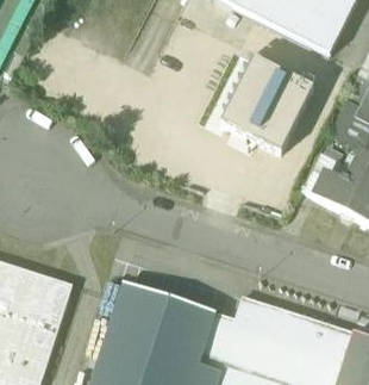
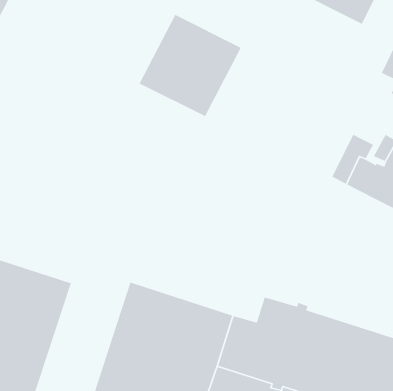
building: [221,61,313,153] -> [138,14,242,117]

